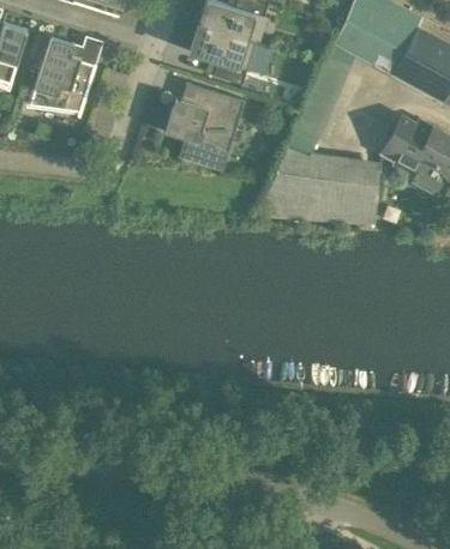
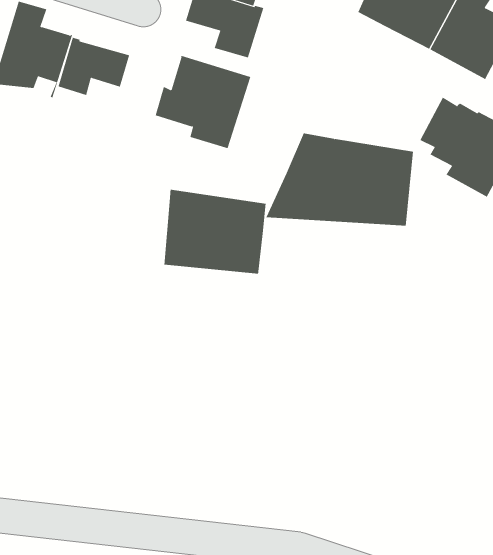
building: none -> [58,37,130,96]
building: none -> [164,189,266,274]

